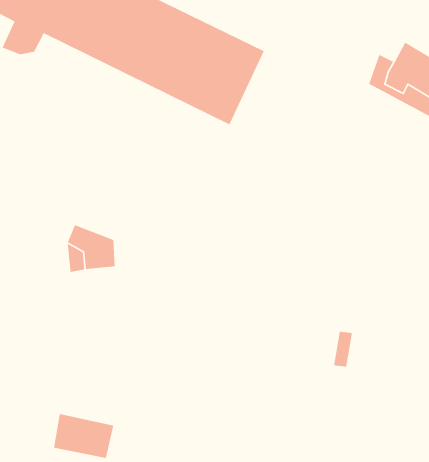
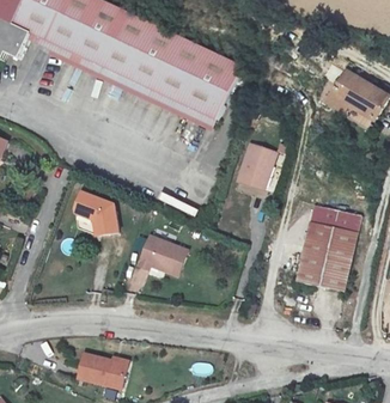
building: none -> [240,140,276,184]
building: none -> [298,214,357,286]
building: none -> [138,239,188,280]

